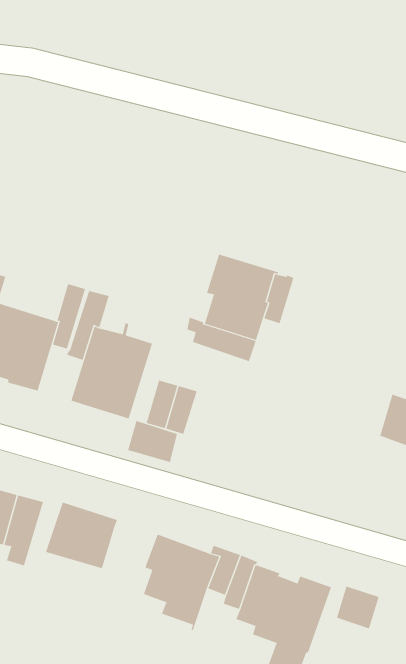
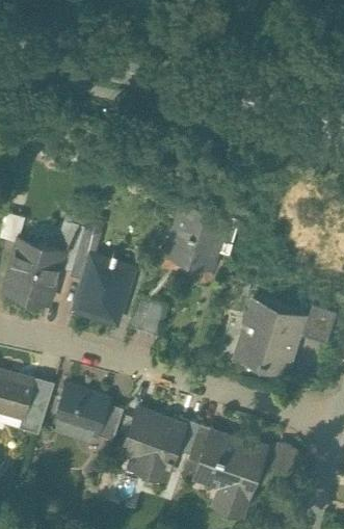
building: none -> [236,299,302,371]
building: [128,420,178,463] -> none
building: none -> [96,404,123,441]

